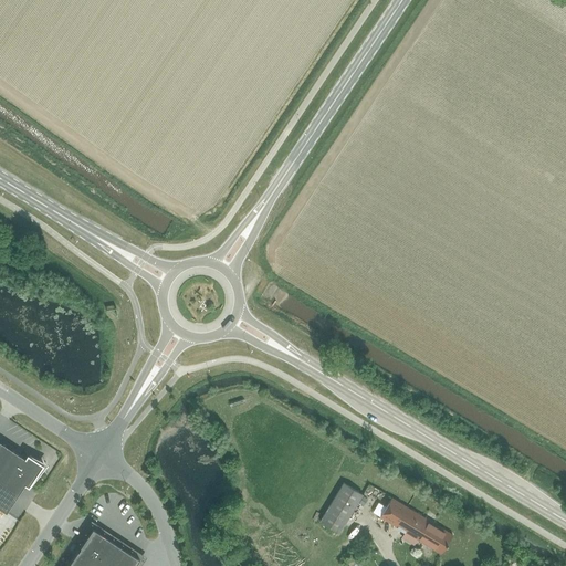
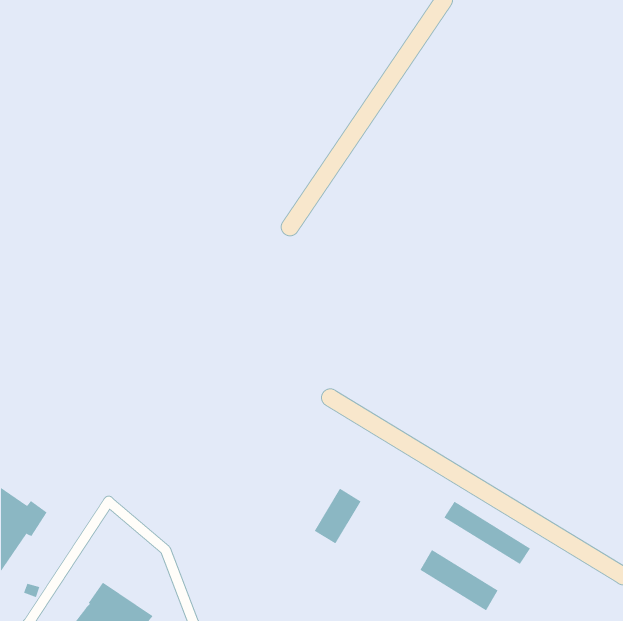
building: none -> [443,501,531,565]
building: [319,484,363,535] -> [314,488,361,544]

